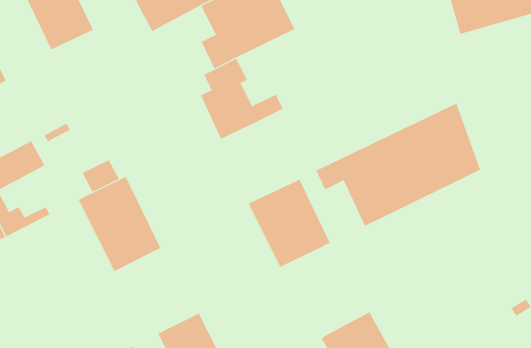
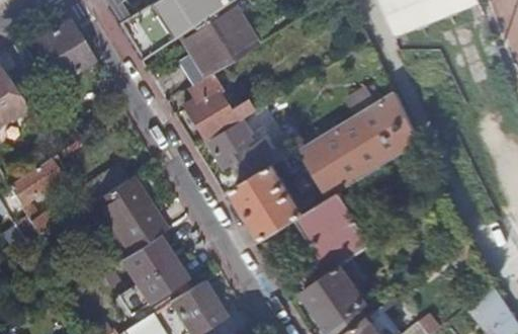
building: none -> [205,119,276,180]
building: none -> [295,193,369,291]
building: none -> [121,239,184,304]

